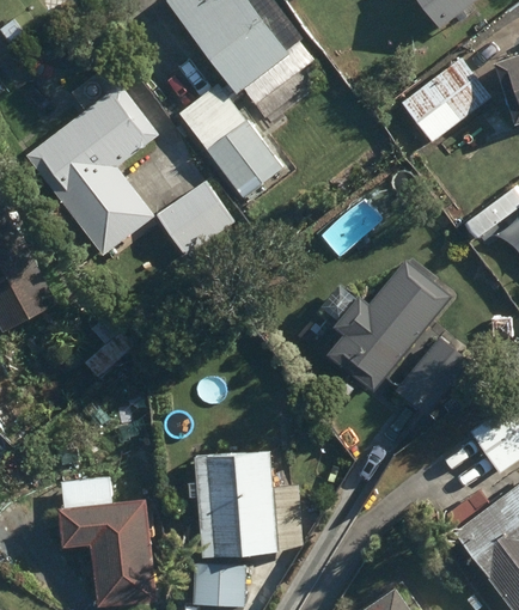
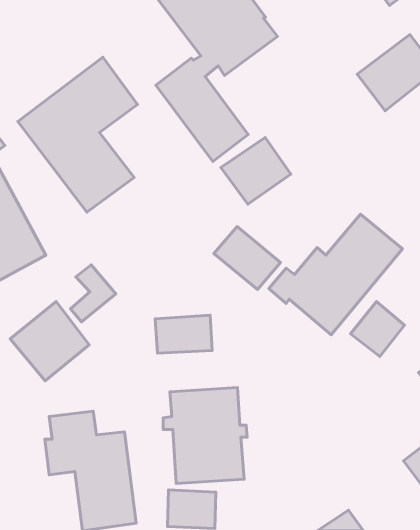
building: [157,181,234,255] -> [221,137,291,204]
building: none -> [214,227,281,290]
building: none -> [10,302,89,381]
building: none -> [155,315,212,353]

